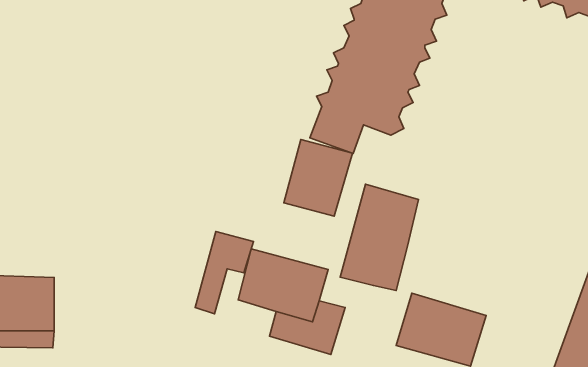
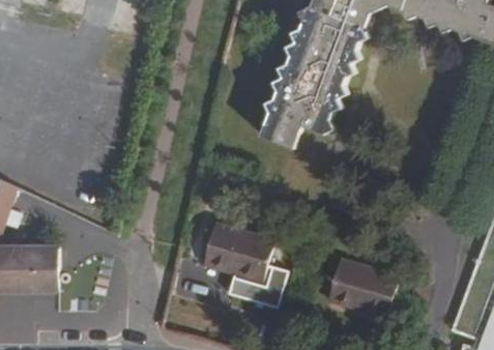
building: [284,139,352,216] -> none
building: [340,184,419,290] -> none
building: [195,232,253,314] -> none

